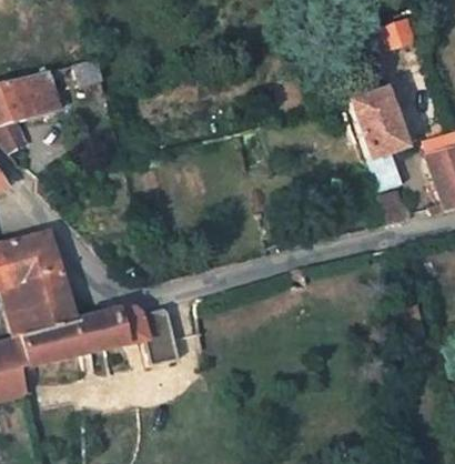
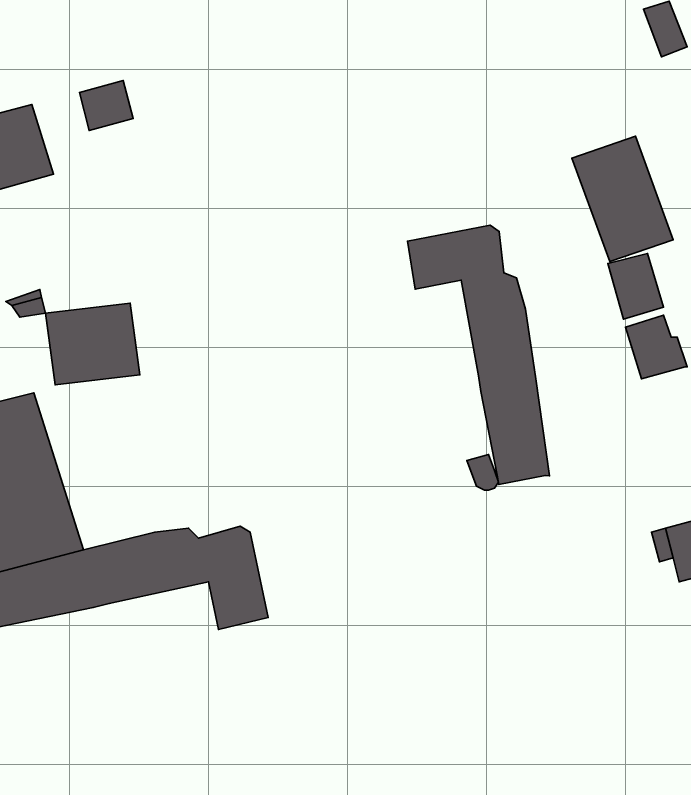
building: none -> [407,225,549,484]
building: none -> [46,303,140,385]

